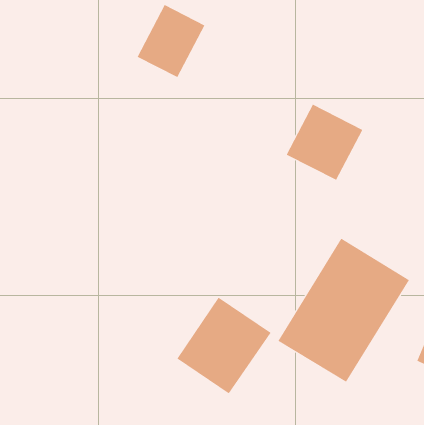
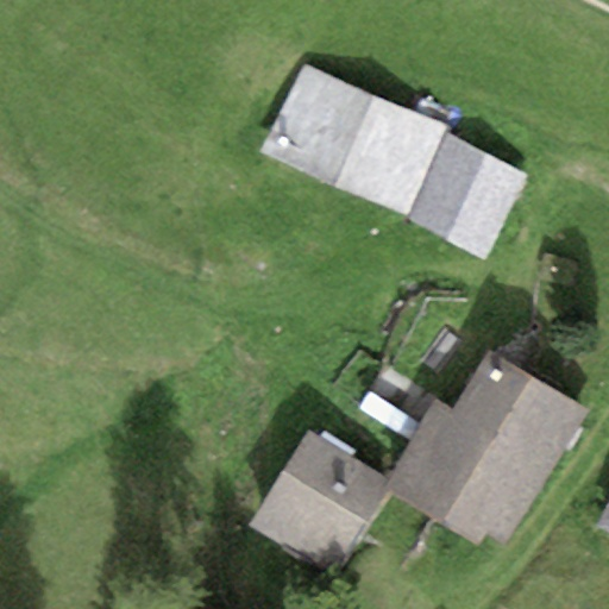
building: [137,4,205,78] -> none
building: none -> [282,82,448,221]

